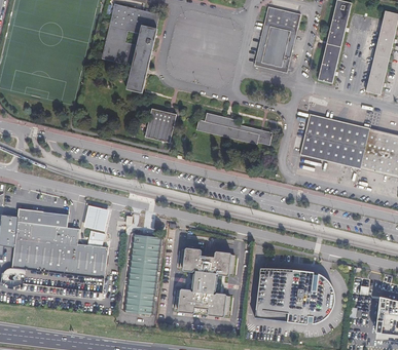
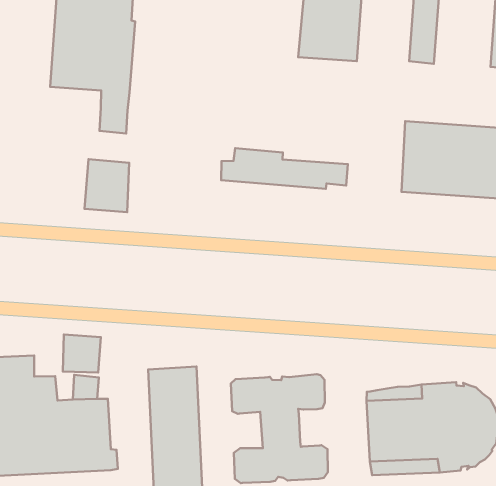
building: [146,108,177,143] -> [85,159,129,212]

